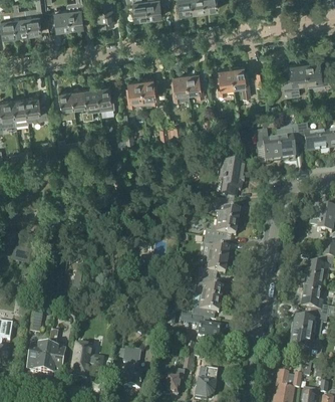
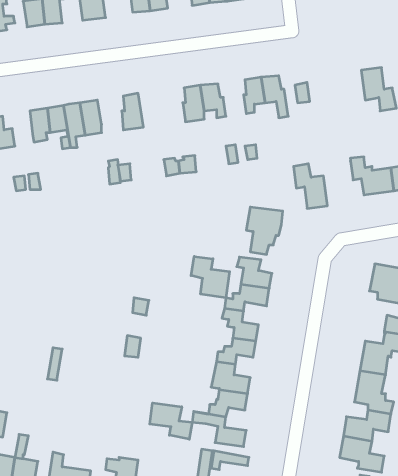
building: [282,62,307,97] -> none
building: [138,78,158,105] -> none
building: [276,128,298,163] -> none
building: none -> [191,256,230,298]
building: none -> [150,403,192,439]

